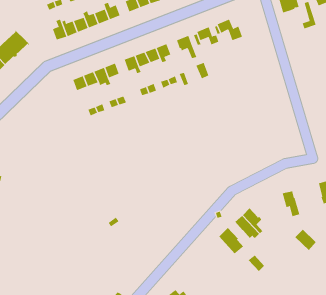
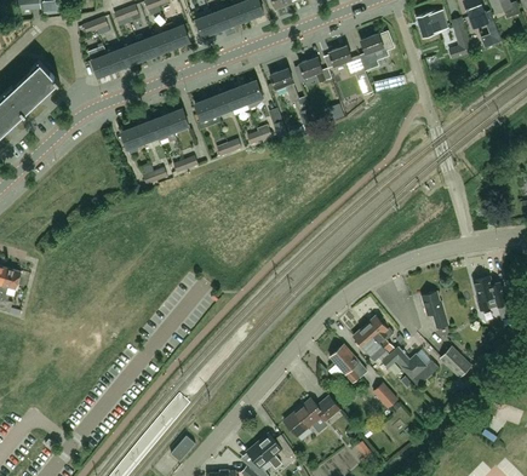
building: none -> [360,31,394,71]
building: none -> [383,346,439,386]
building: none -> [285,396,340,436]

